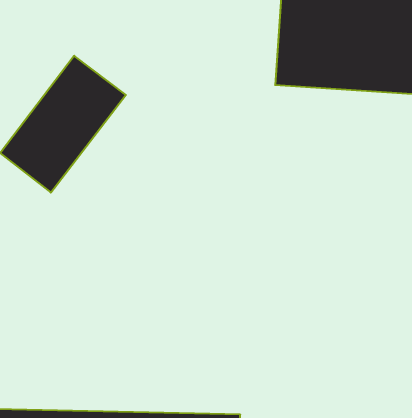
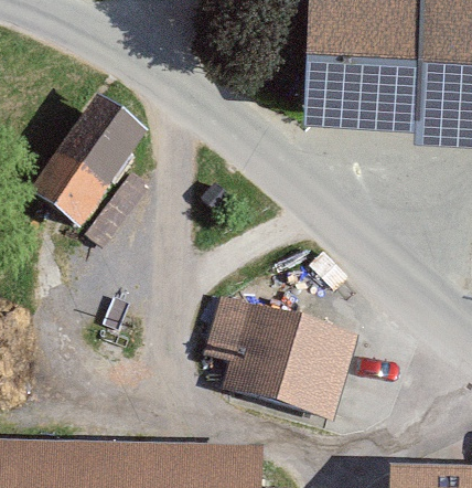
building: none -> [202,293,360,420]

